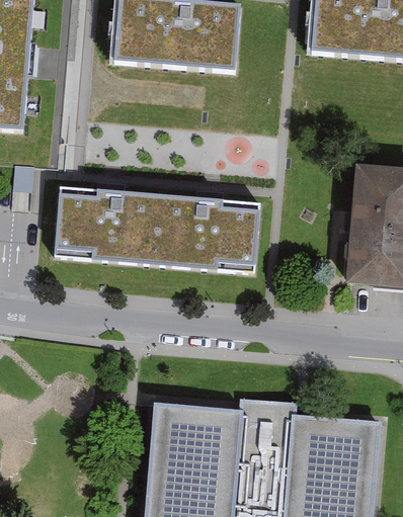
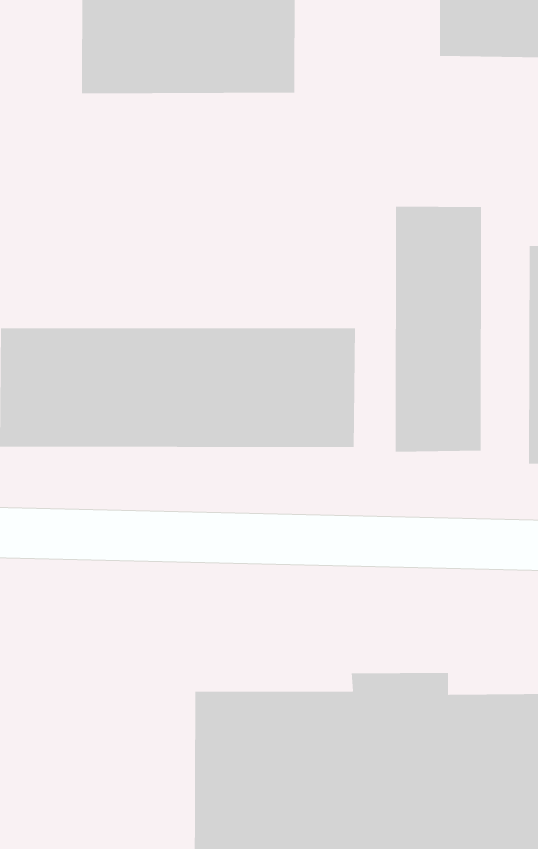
building: none -> [395,206,482,453]

